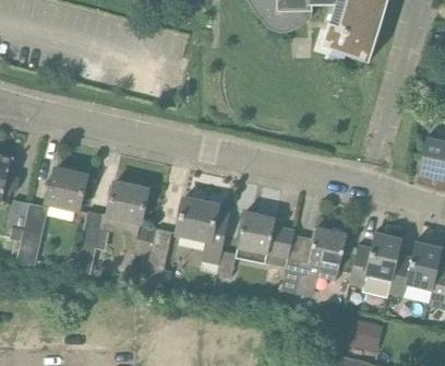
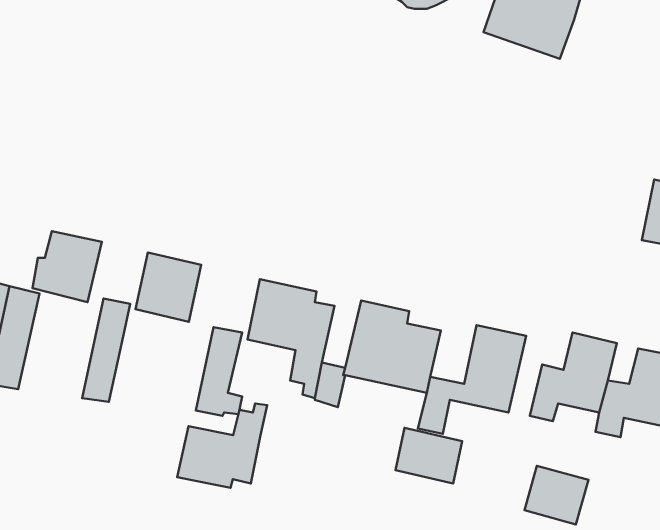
building: none -> [177,403,267,488]
building: none -> [395,428,462,484]

